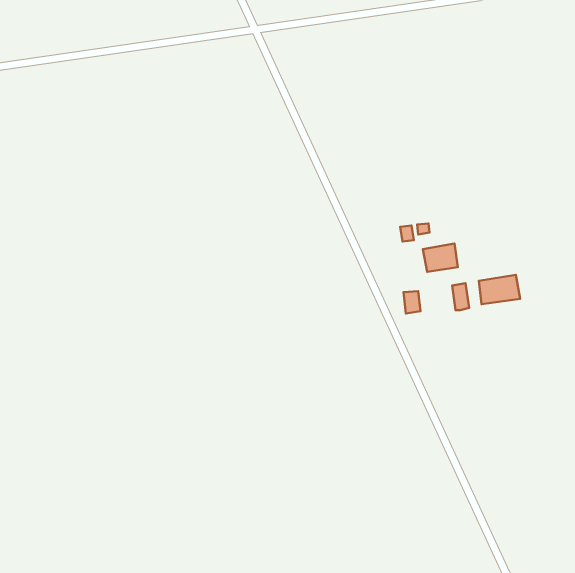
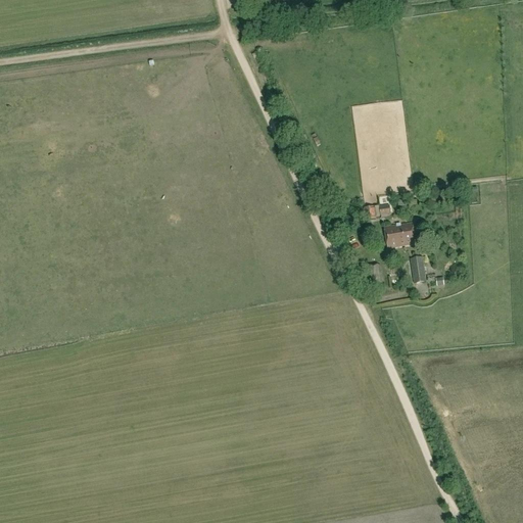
building: [479,275,520,304] -> none

